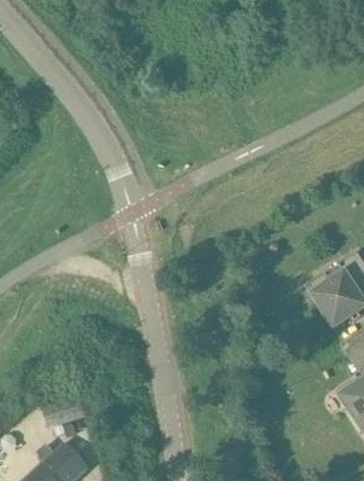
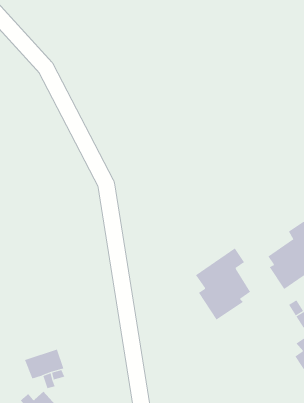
building: none -> [195,248,251,321]

